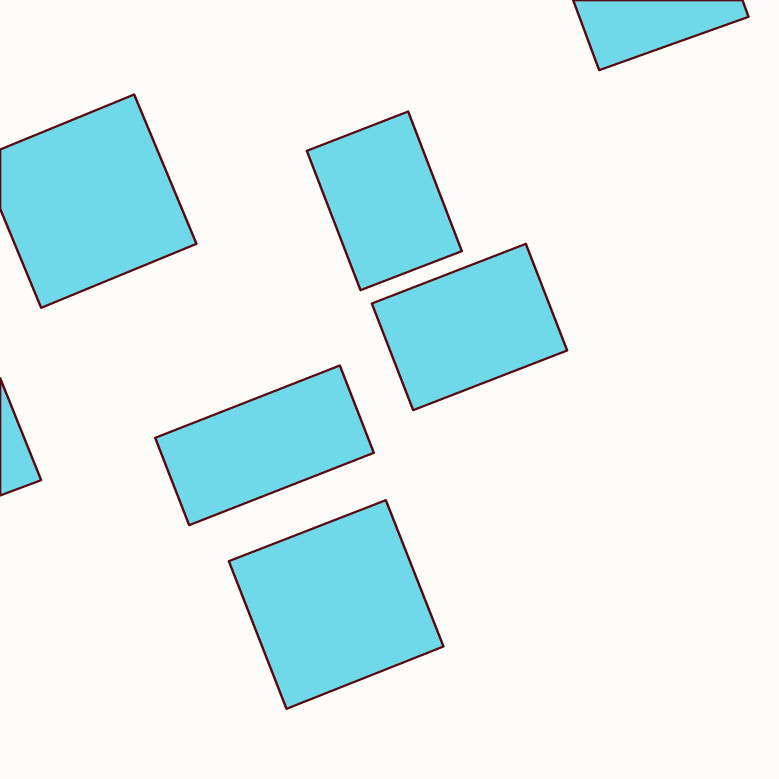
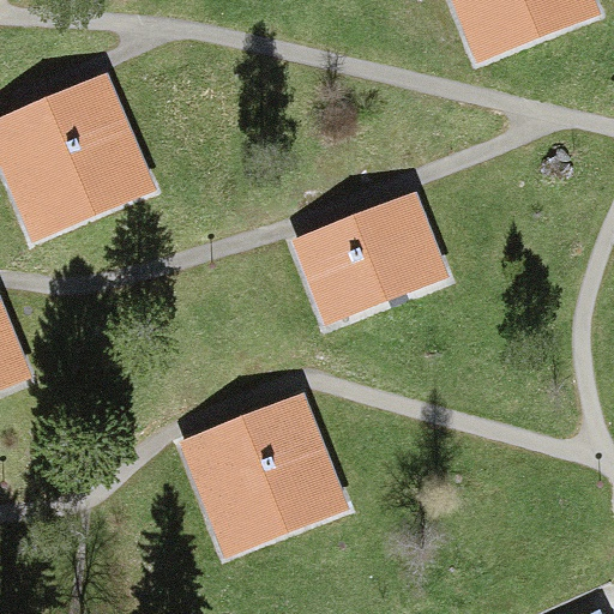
building: [307,112,462,290] -> none
building: [155,366,374,525] -> none

